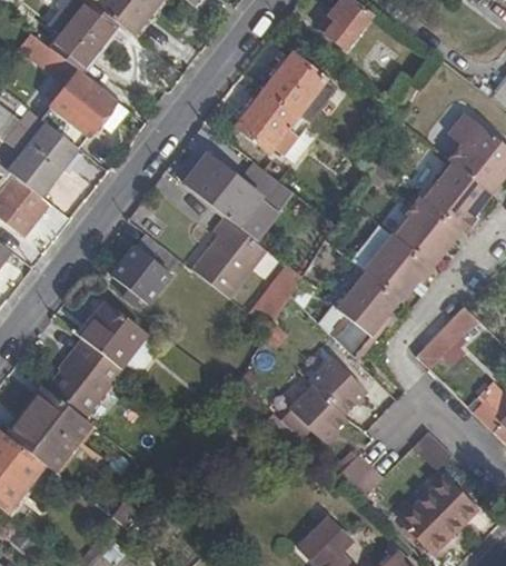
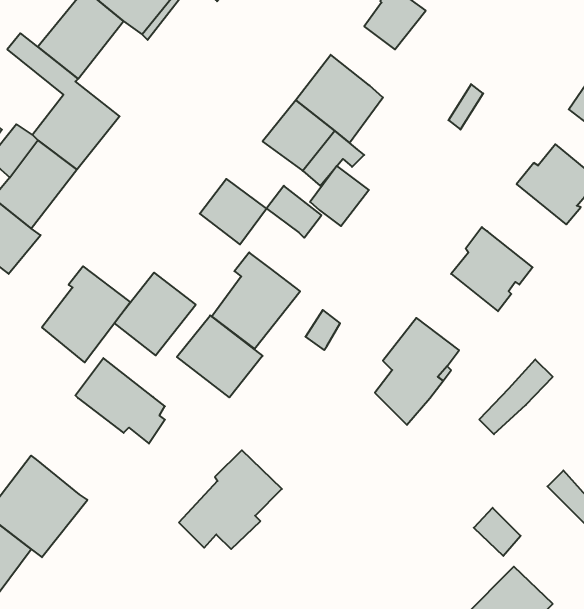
building: [423,160,489,232] -> none
building: [217,180,266,230] -> [310,166,369,226]
building: [363,234,433,300] -> none
building: none -> [177,315,263,397]
building: [48,338,121,418] -> [42,266,130,362]
building: [280,358,366,440] -> [179,450,282,549]
building: [337,454,381,497] -> none

